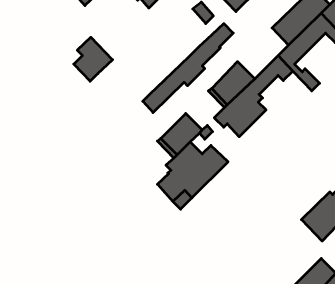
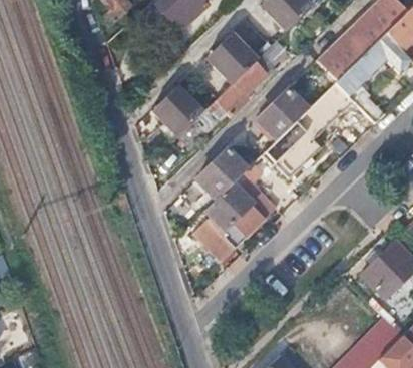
building: none -> [211,32,258,82]
building: [74,37,113,81] -> [157,84,202,135]

